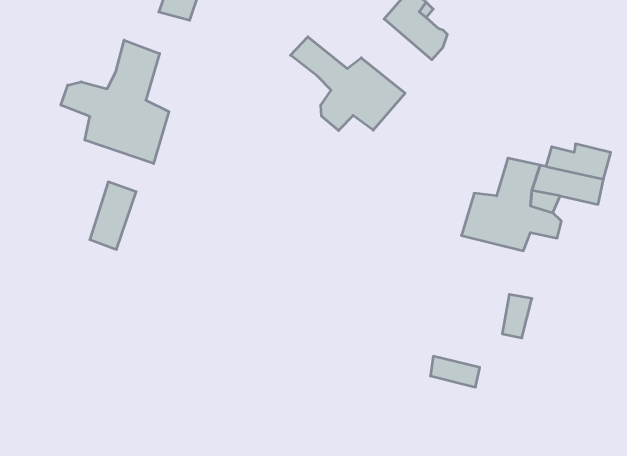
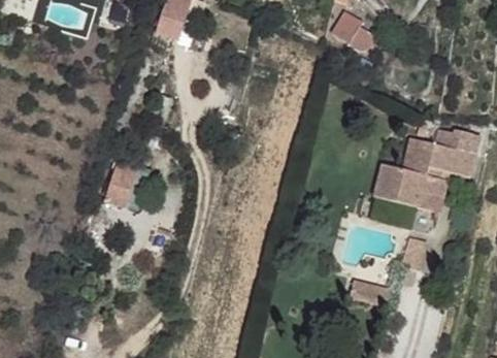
building: [290,37,405,131] -> none
building: [61,40,169,164] -> none

